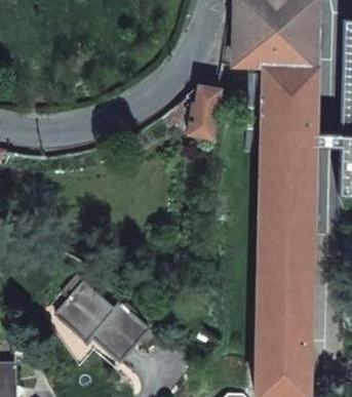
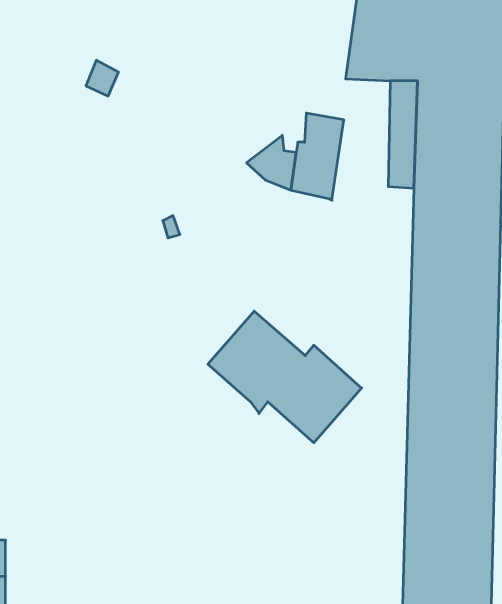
building: [57,282,150,361] -> [208,311,362,443]

